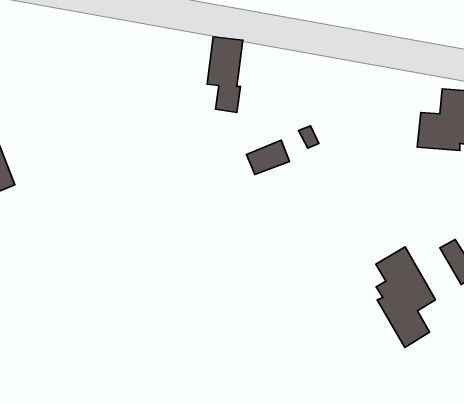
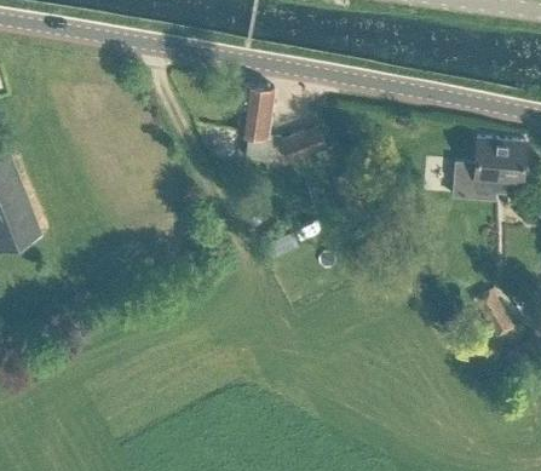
building: [247,140,289,175] -> [282,127,326,162]
building: [376,247,436,347] -> none

